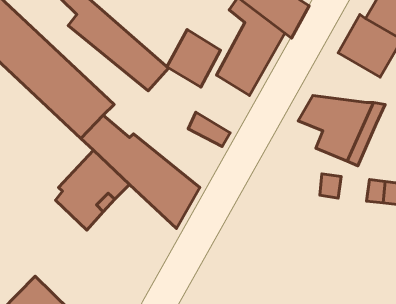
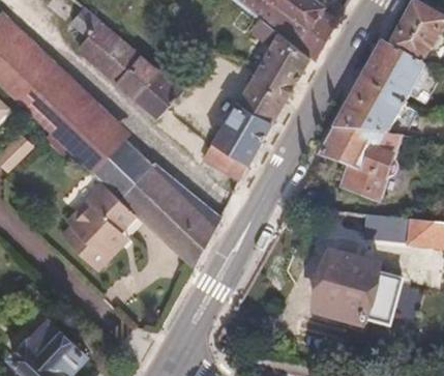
building: [167,30,220,87] -> [213,102,270,163]
building: none -> [337,78,409,131]
building: none -> [317,244,404,319]

